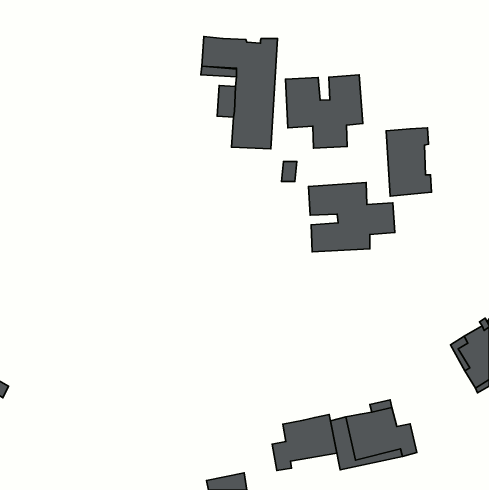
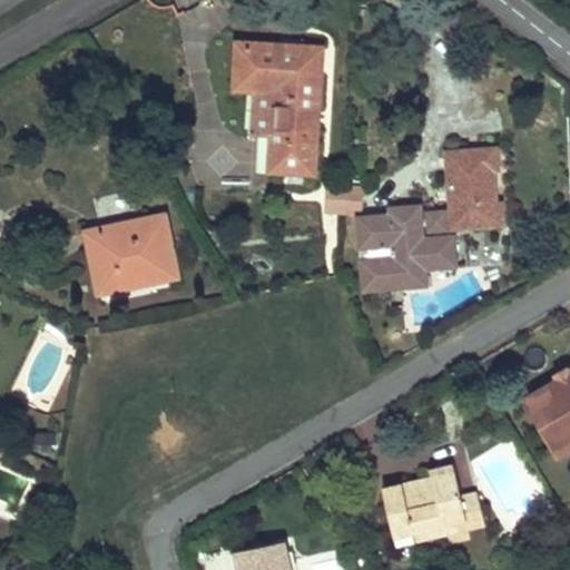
building: [285,75,363,148] -> none
building: none -> [87,215,176,291]
building: [272,414,337,470] -> none

